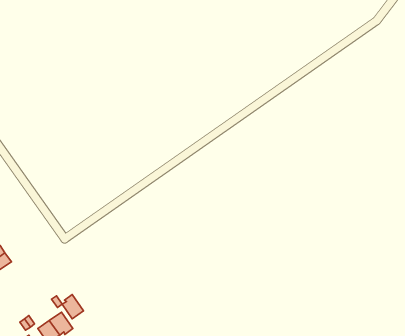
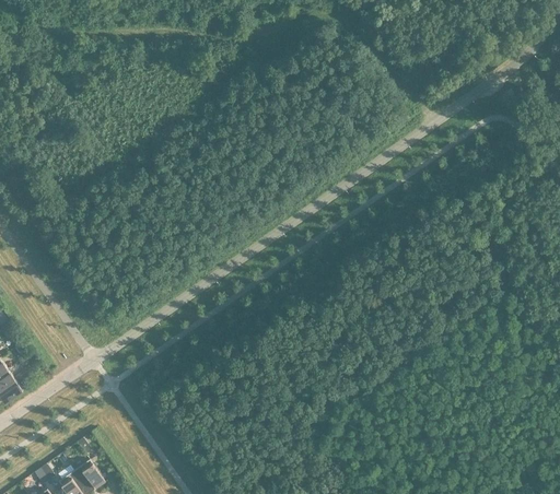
building: [62,295,83,319] -> none

